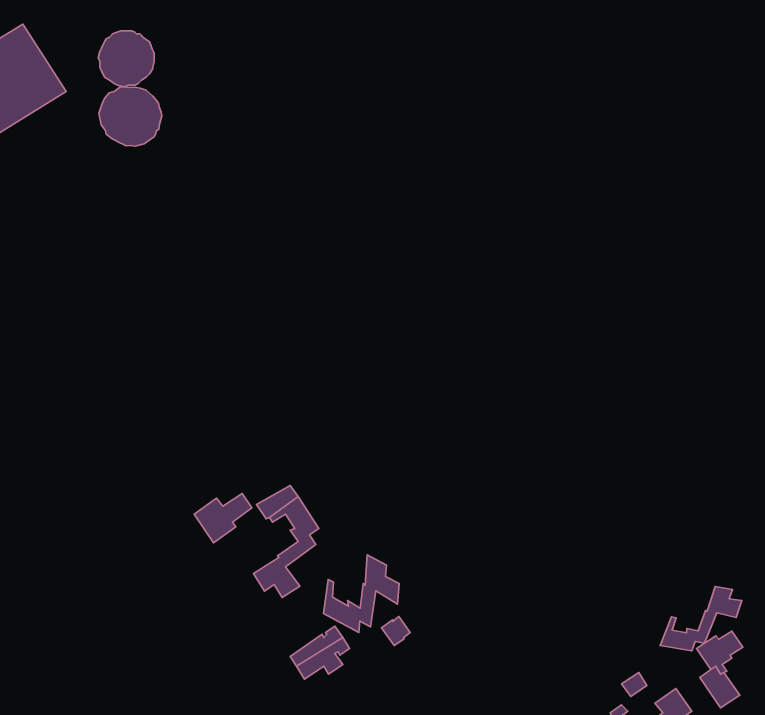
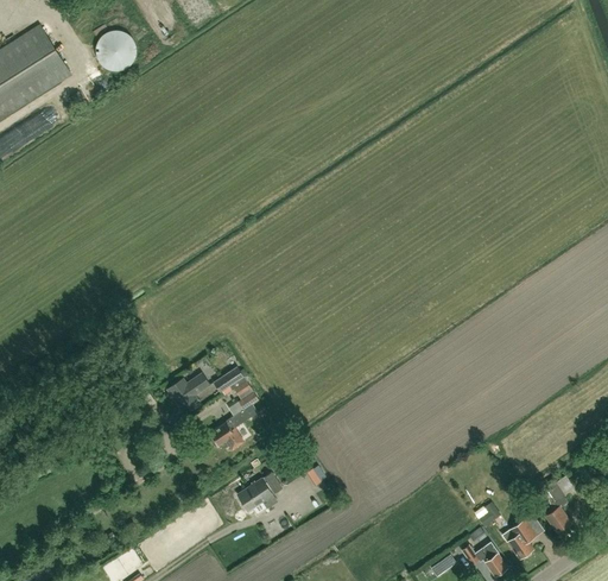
building: [99,87,162,146] -> none
building: [324,555,399,632] -> none
building: [660,587,742,651] -> none

